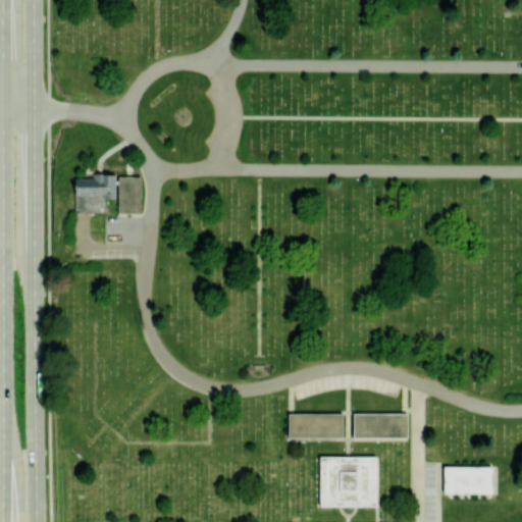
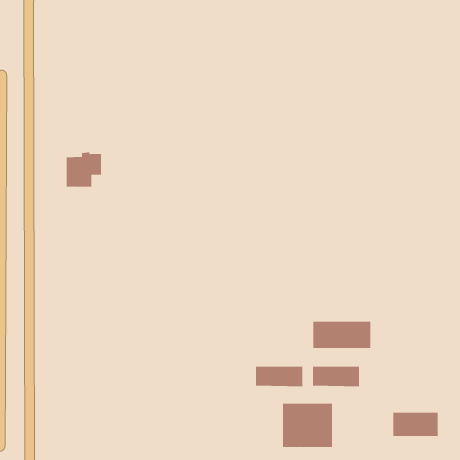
building: [118,177,142,214] -> none
building: none -> [313,321,371,349]

